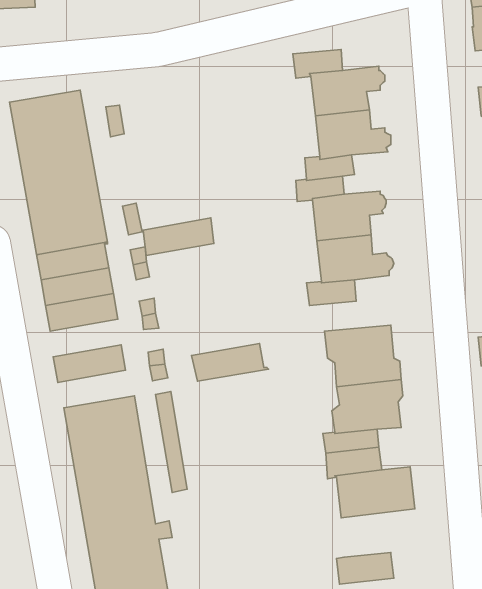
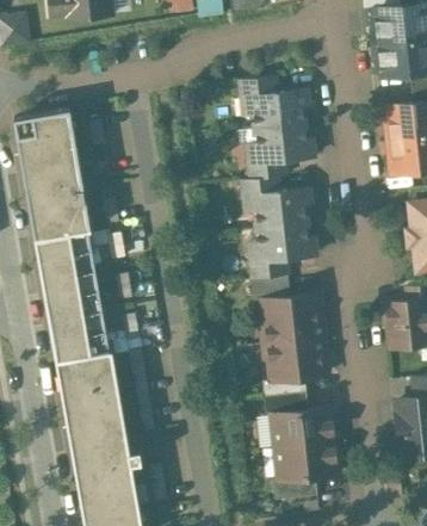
building: [143,218,214,256] -> [44,290,100,320]
building: [192,343,268,381] -> [50,330,111,360]
building: none -> [274,440,336,478]

